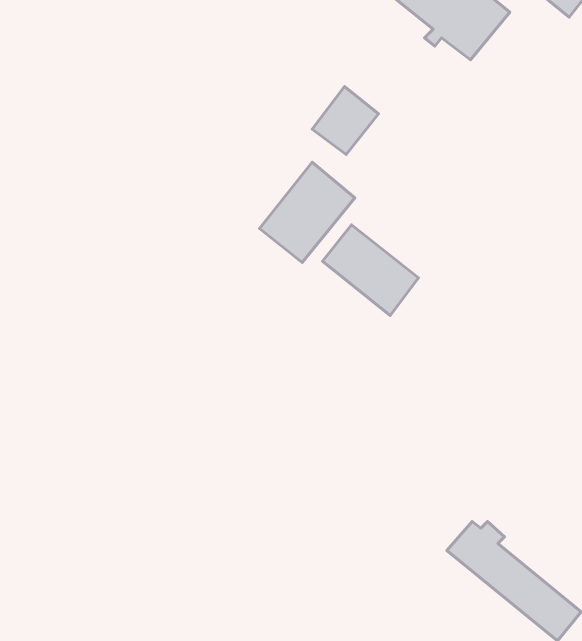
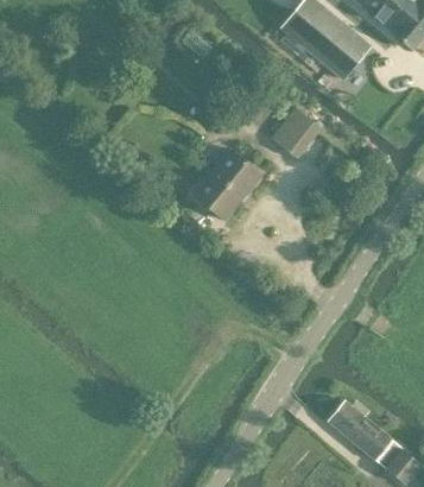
building: [312,87,378,155] -> [270,112,316,159]
building: [323,225,419,315] -> none

